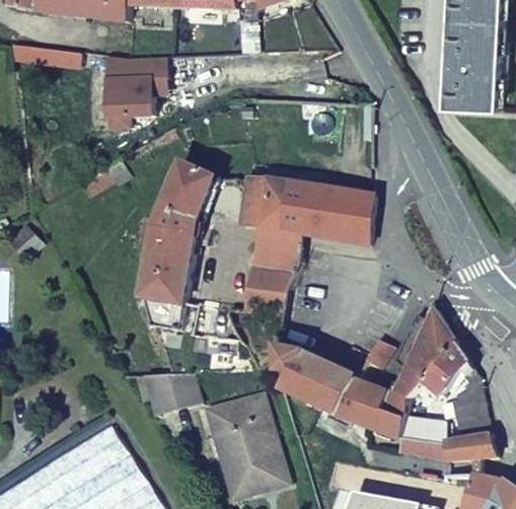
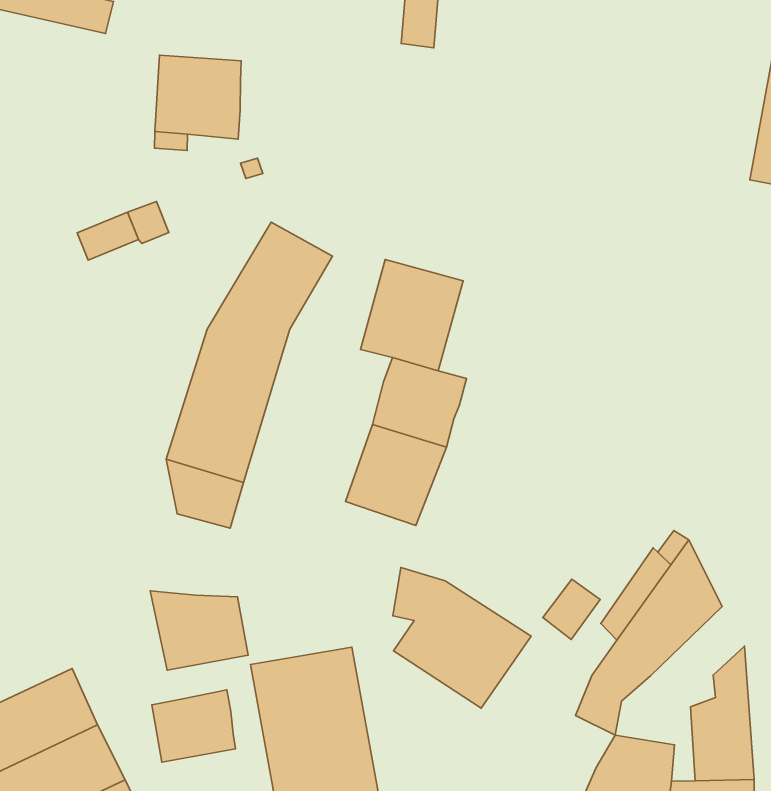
building: [105,56,168,86] -> none
building: [286,180,369,243] -> none
building: [426,342,475,401] -> none
building: [335,372,411,440] -> none
building: none -> [152,690,236,762]

